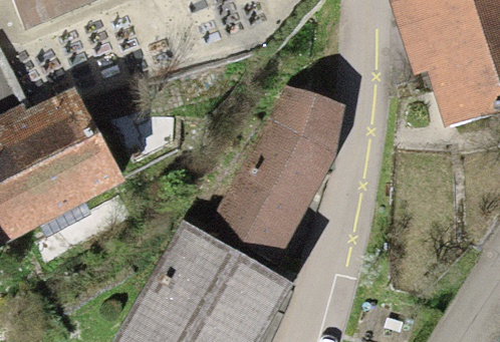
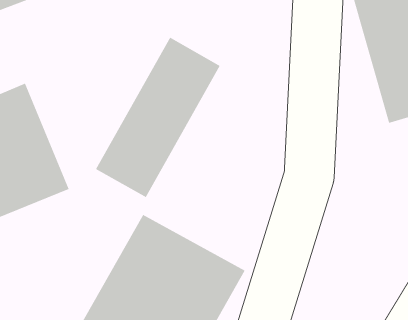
building: [217,87,343,250] -> [95,37,221,198]

